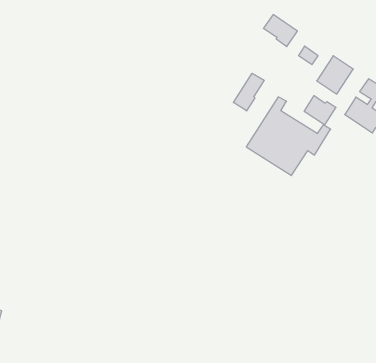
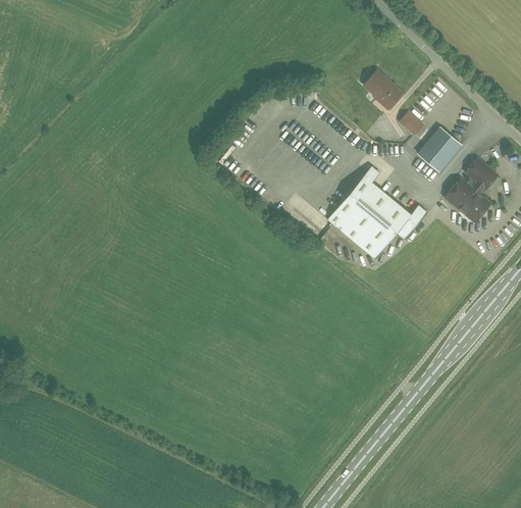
building: [233,73,264,111] -> none
building: [304,96,336,125] -> none

